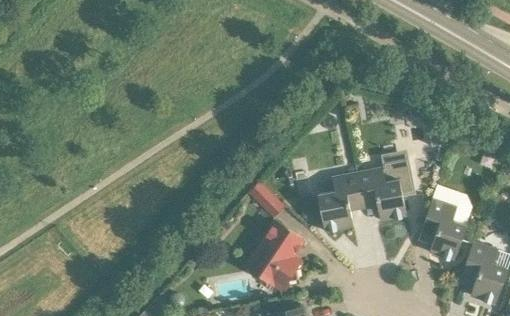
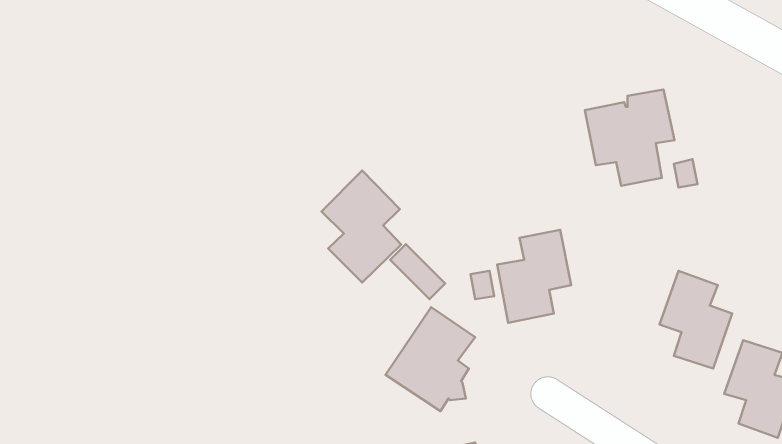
building: none -> [321,171,401,283]
building: [357,159,414,220] -> [585,90,675,186]

